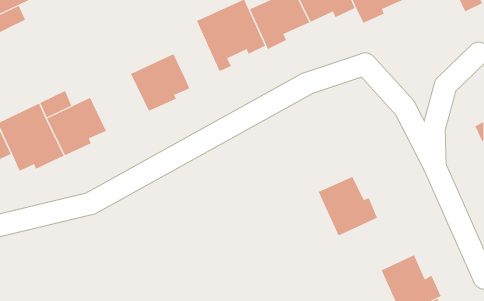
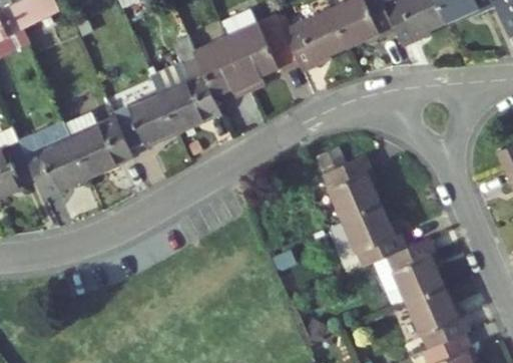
building: none -> [181,44,237,104]
building: none -> [102,99,164,155]
building: none -> [320,158,376,222]
building: none -> [368,238,440,311]

